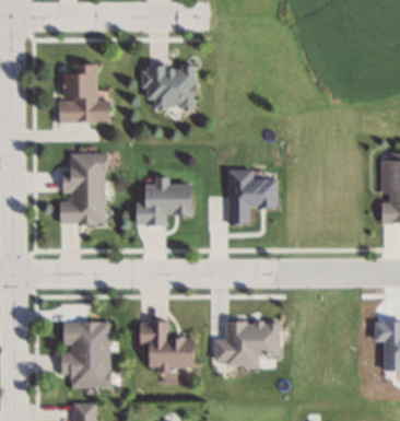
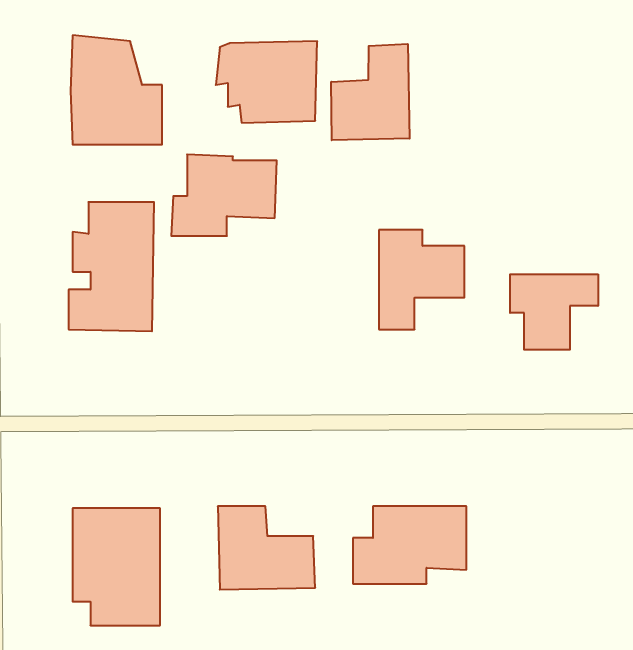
building: none -> [331,44,410,140]
building: [136,179,193,224] -> [171,154,277,236]
building: none -> [510,274,598,350]

